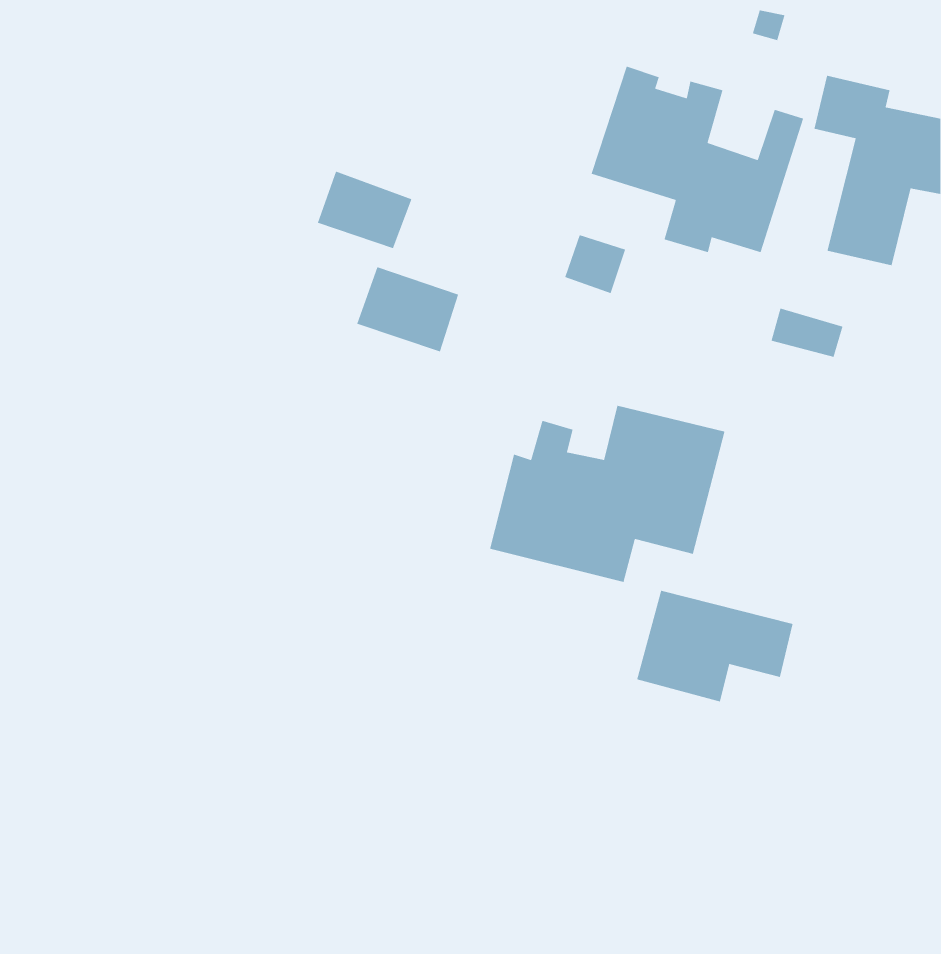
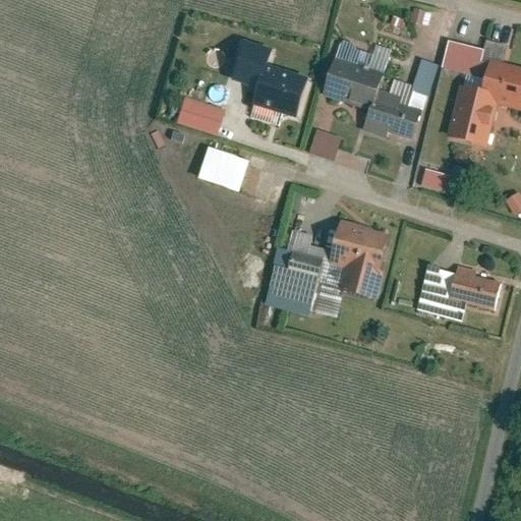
building: none -> [229,39,309,125]
building: [636,590,794,702] -> [417,260,503,322]

